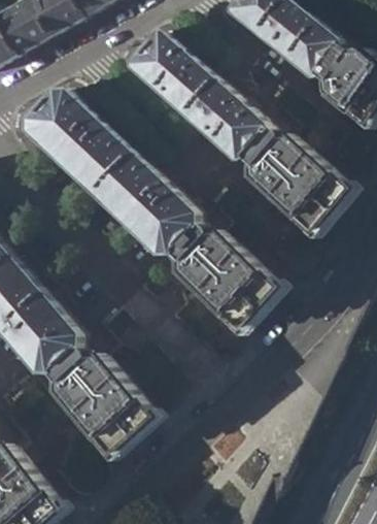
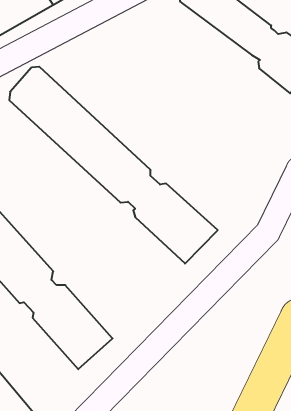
building: [131,34,348,230] -> none

